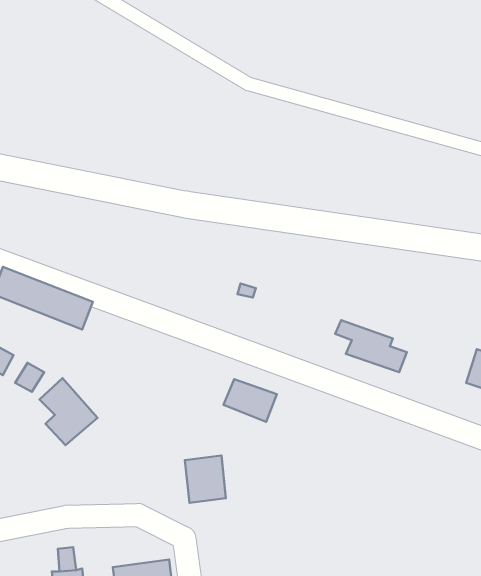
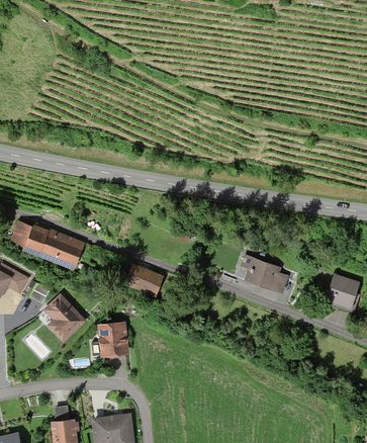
building: [224,379,277,422] -> [127,265,163,293]
building: [185,455,226,503] -> [99,322,126,353]

